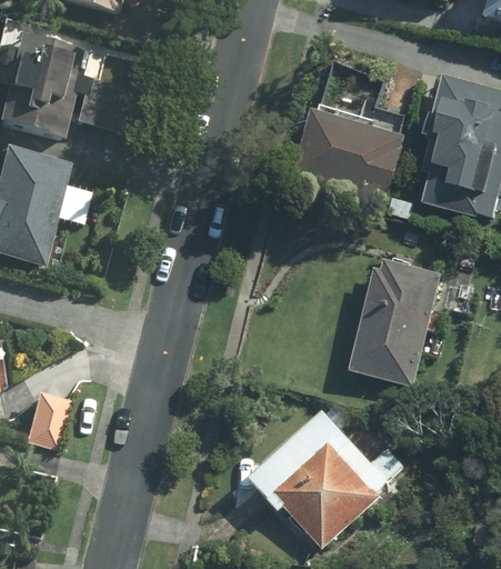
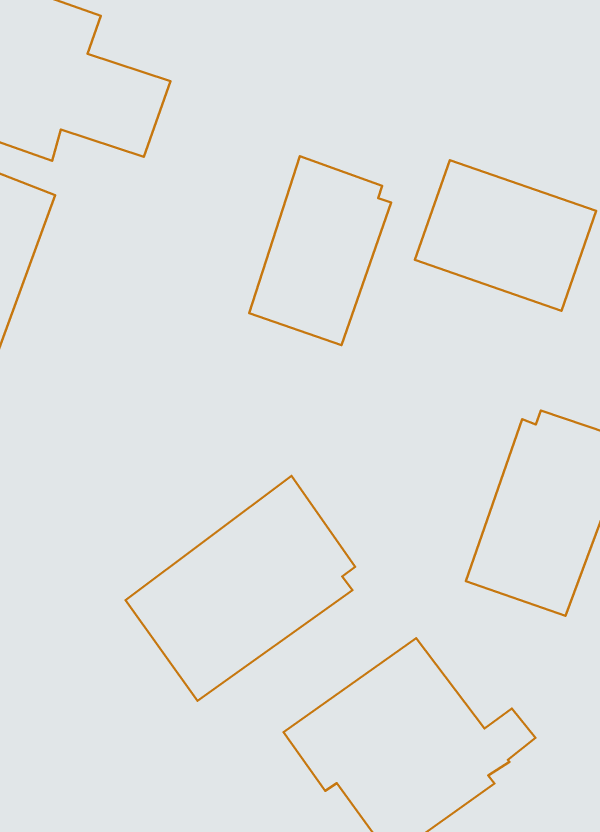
building: none -> [249,156,391,345]
building: none -> [125,476,355,701]

